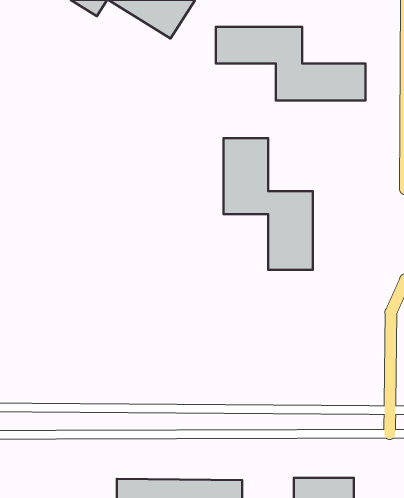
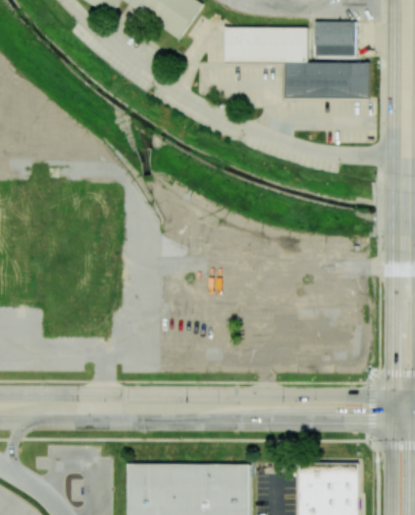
building: none -> [318,20,358,55]
building: [223,138,313,270] -> none

